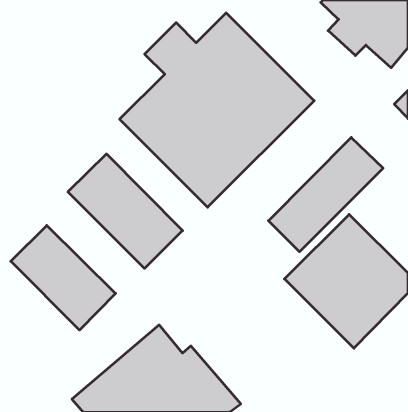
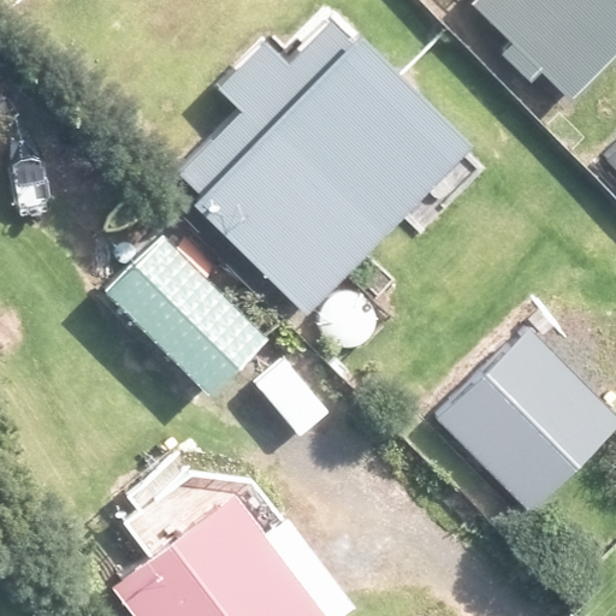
building: [268,137,383,252] -> none
building: [11,225,116,330] -> none

